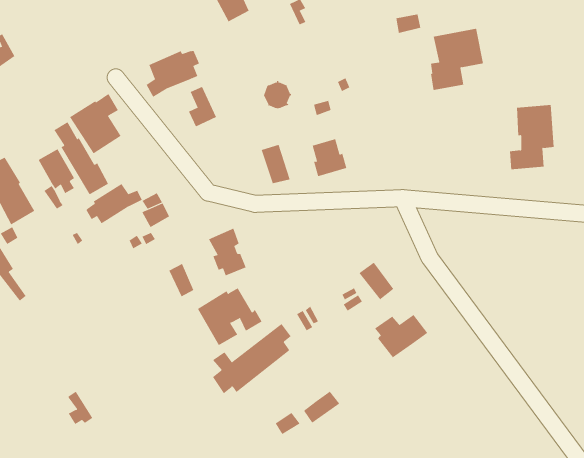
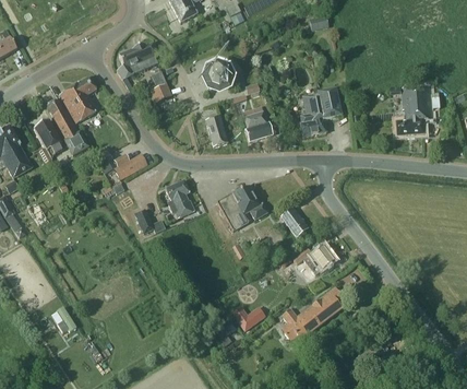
building: [430,28,484,91] -> [300,89,342,137]
building: [86,183,142,224] -> none
building: [197,288,262,346] -> [217,186,267,231]
building: [212,323,292,394] -> [282,286,343,341]

